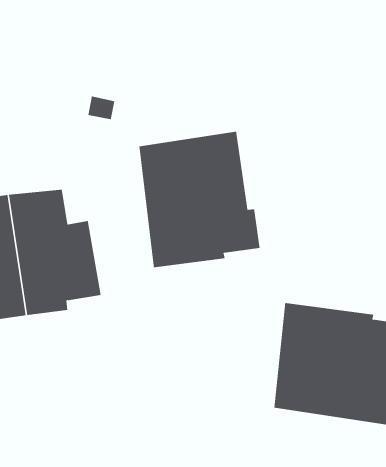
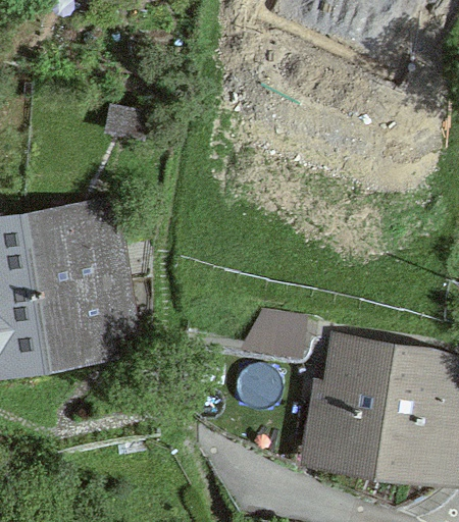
building: [139,131,260,268] -> none

